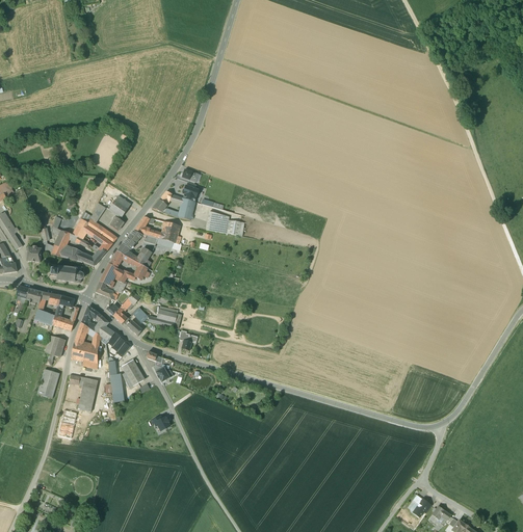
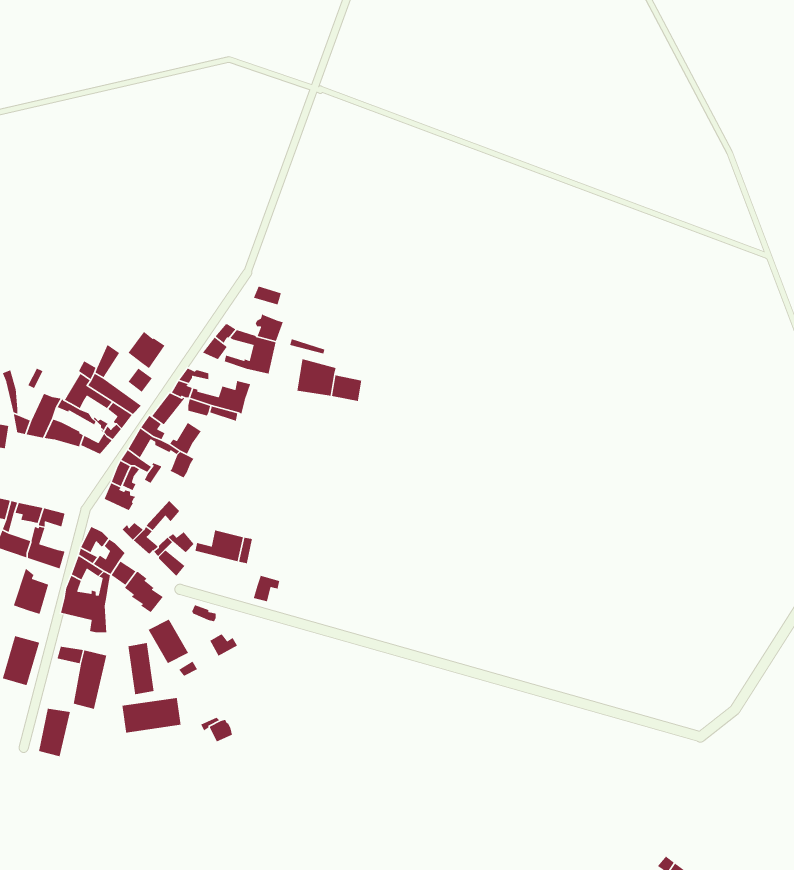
building: [51,266,83,283] -> none
building: none -> [122,697,181,734]

